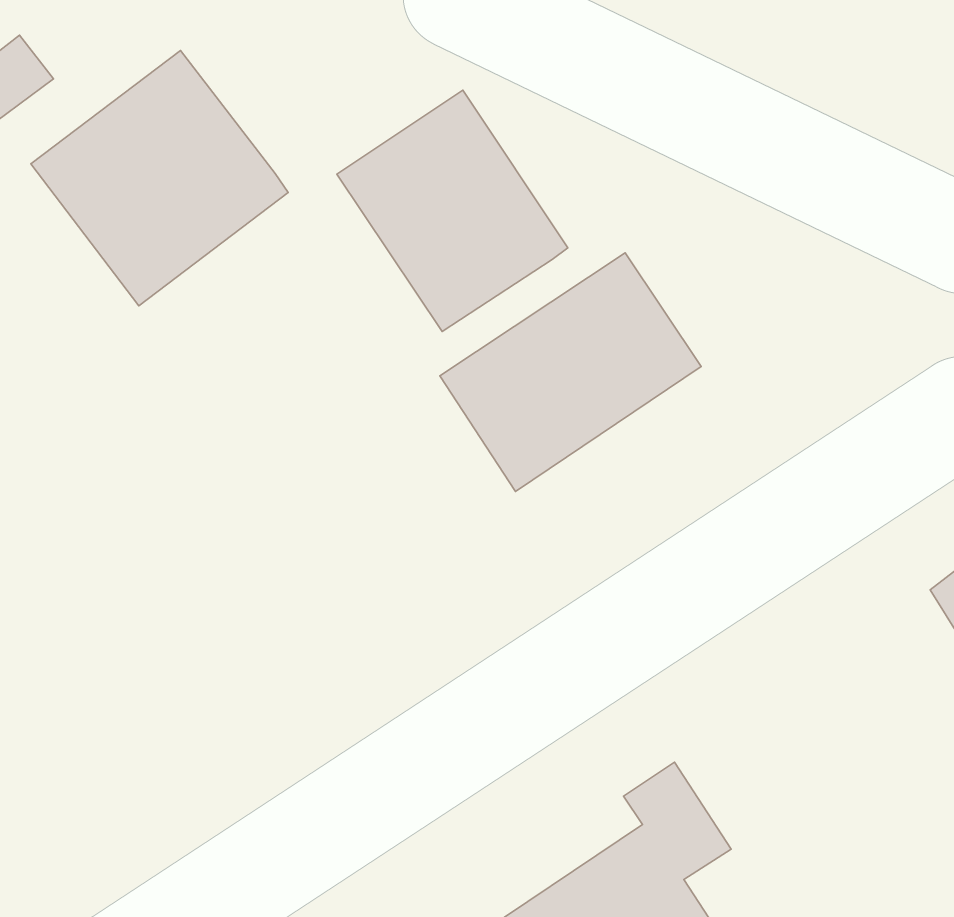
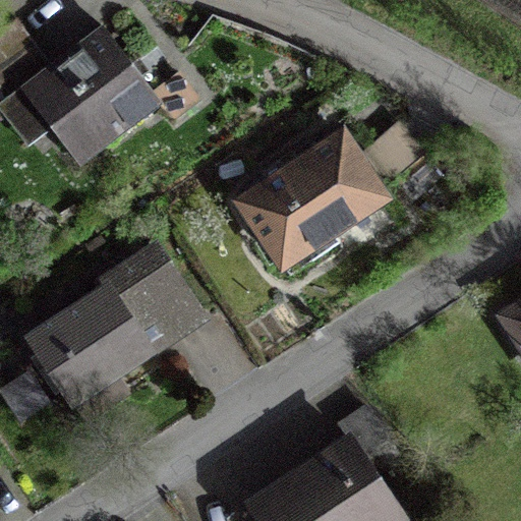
building: [337,90,568,332] -> none
building: none -> [28,249,197,421]

